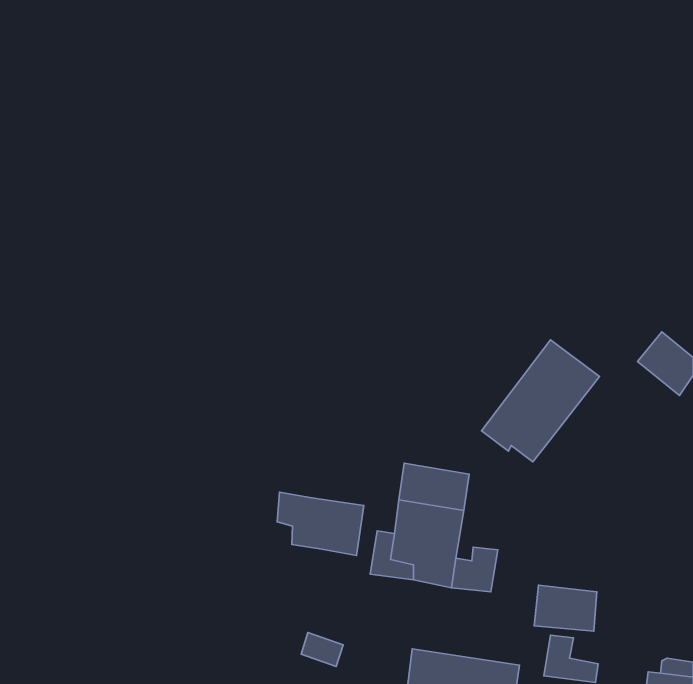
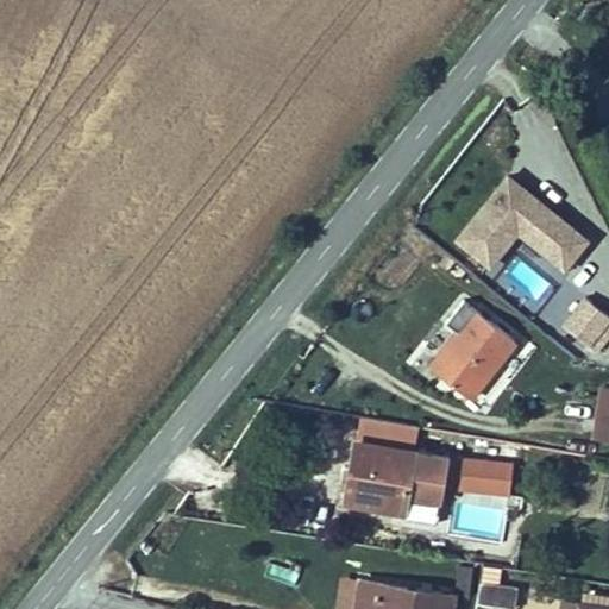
building: none -> [456,175,590,272]
building: [277,492,364,556] -> none
building: none -> [400,456,441,500]
building: [534,585,597,631] -> [460,459,515,500]

